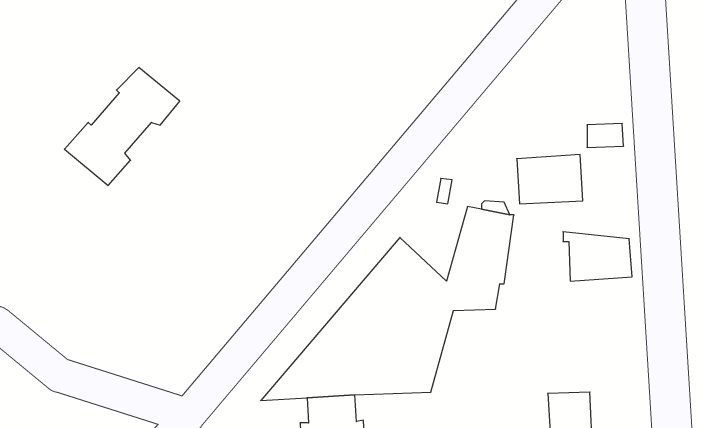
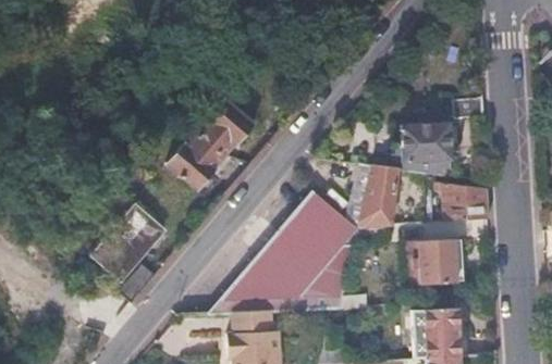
building: [64,68,180,186] -> [167,100,256,191]
building: none -> [94,208,165,281]
building: none -> [405,239,458,285]

